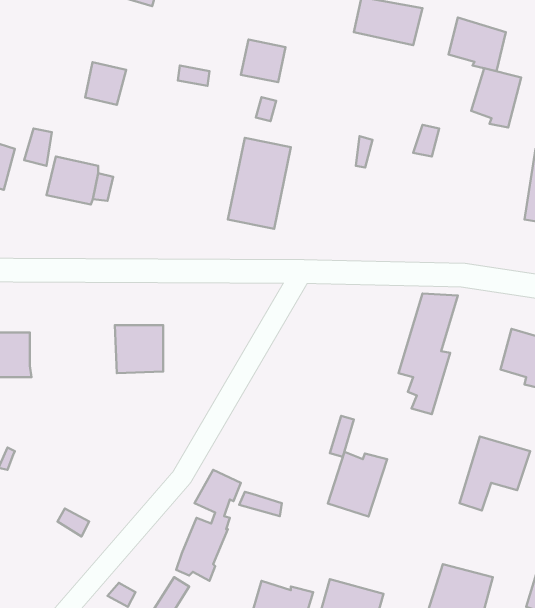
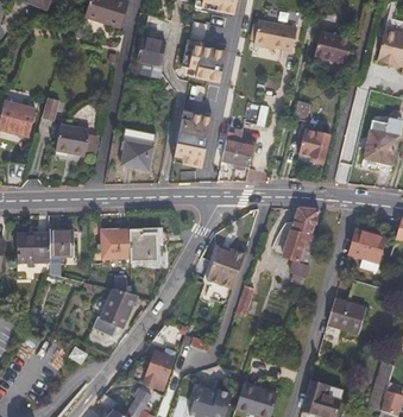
building: [85,62,126,105] -> [143,33,169,61]
building: [471,68,521,128] -> [297,126,329,164]
building: none -> [222,122,254,165]
building: none -> [124,124,159,166]
building: none -> [132,227,170,261]
building: none -> [45,228,70,254]
building: none -> [95,289,137,336]
building: [328,452,387,517] -> [204,248,243,290]

